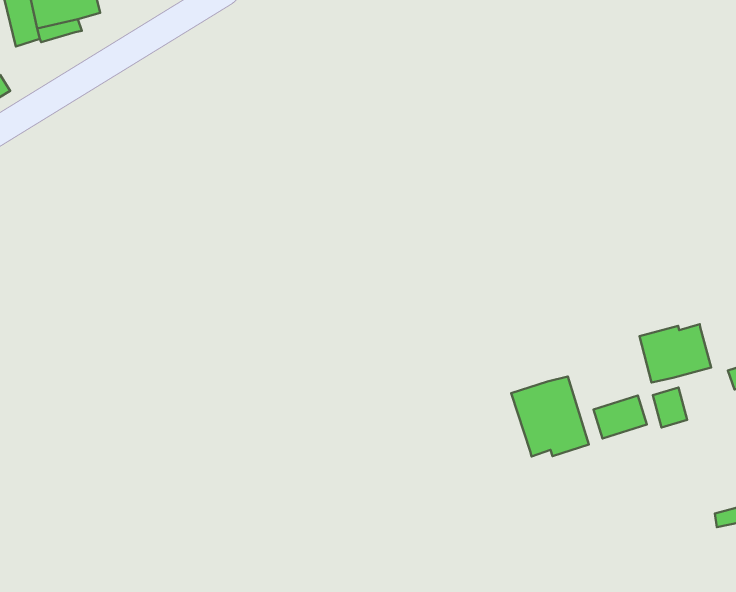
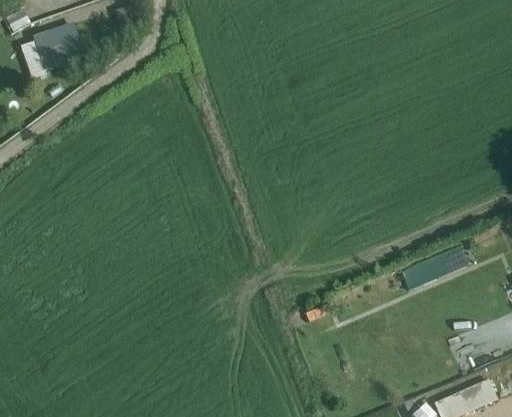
building: [640,324,711,382] -> none
building: [511,376,589,457] -> none

